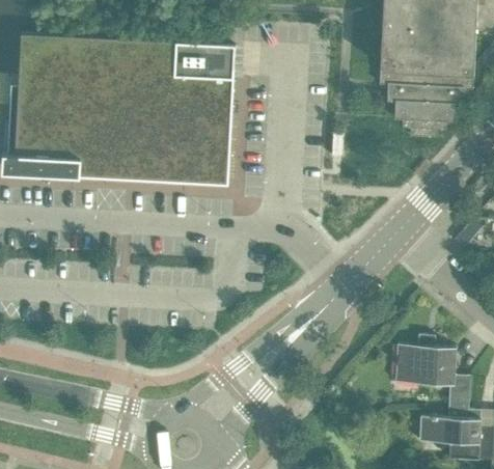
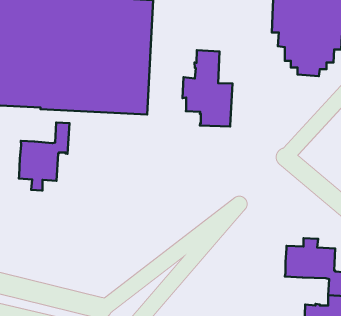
building: none -> [182,50,233,127]
building: none -> [19,122,70,190]

